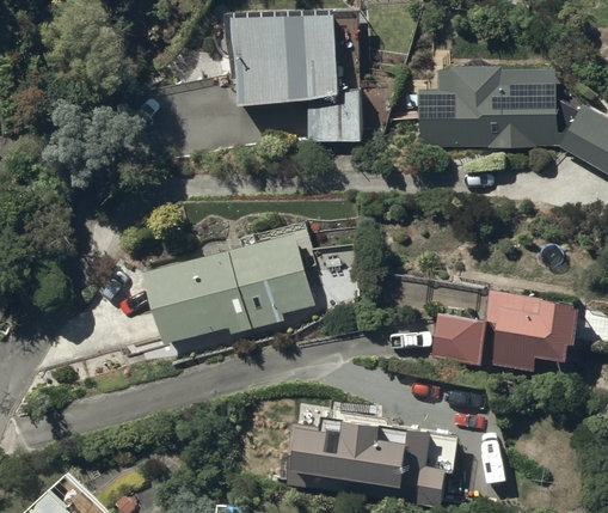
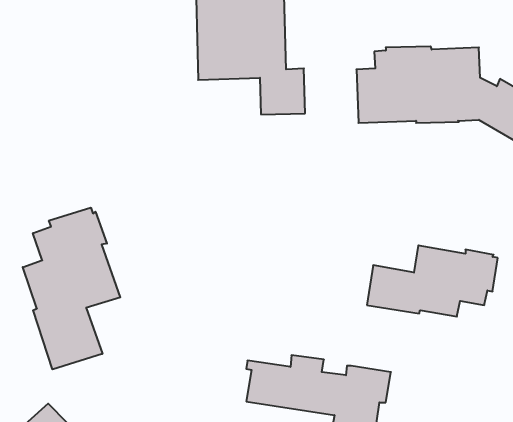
building: [145,233,313,346] -> none
building: none -> [23,208,120,369]

